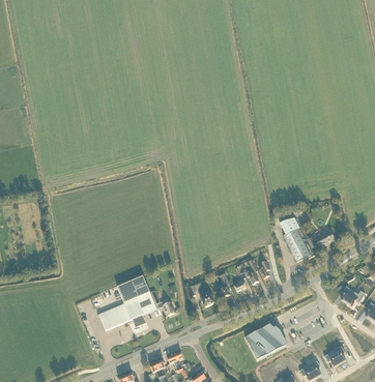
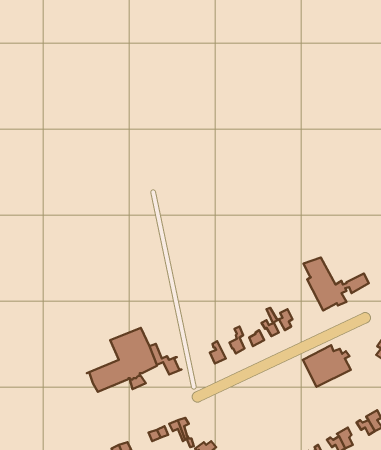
building: [244,324,285,359] -> [303,345,351,387]

